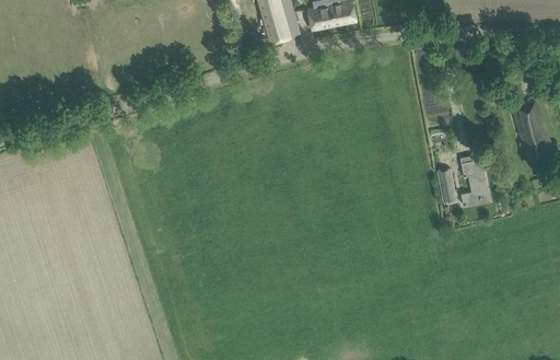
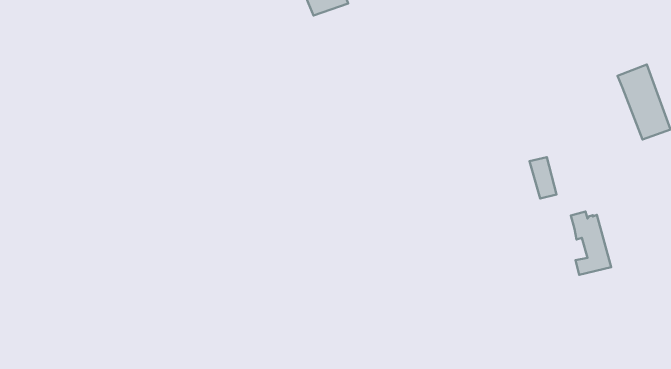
building: [460,156,490,207] -> [571,212,611,275]

